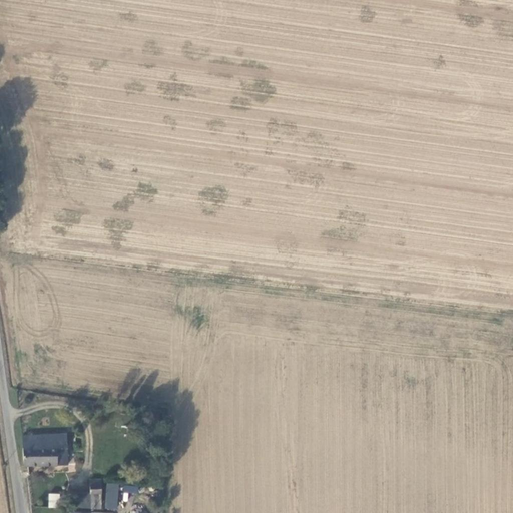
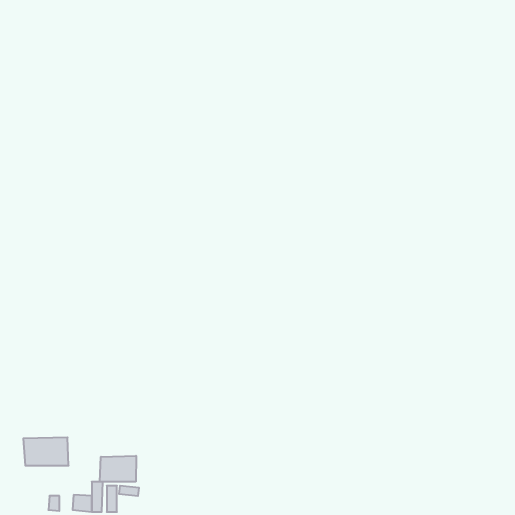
building: none -> [100,456,136,482]

